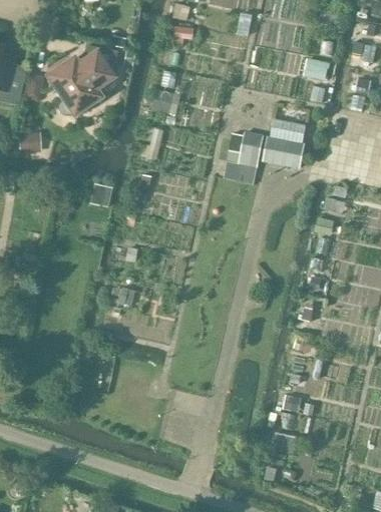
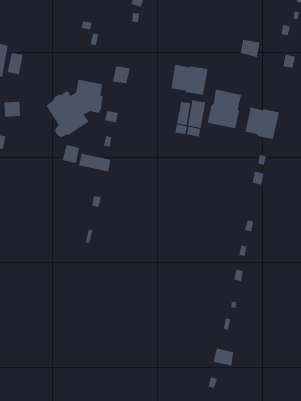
building: [45,45,115,115] -> [45,79,104,137]
building: none -> [171,64,208,96]
building: none -> [245,106,280,140]
building: none -> [79,152,111,172]

